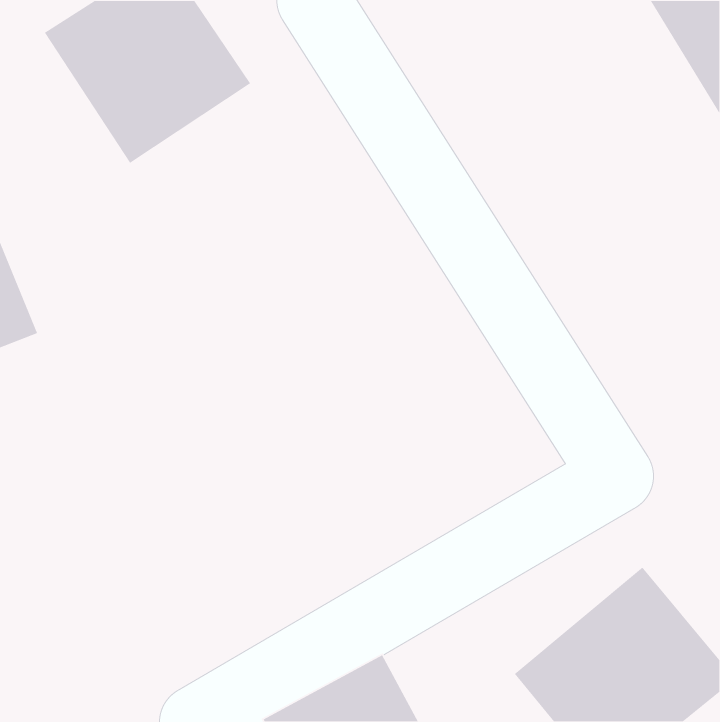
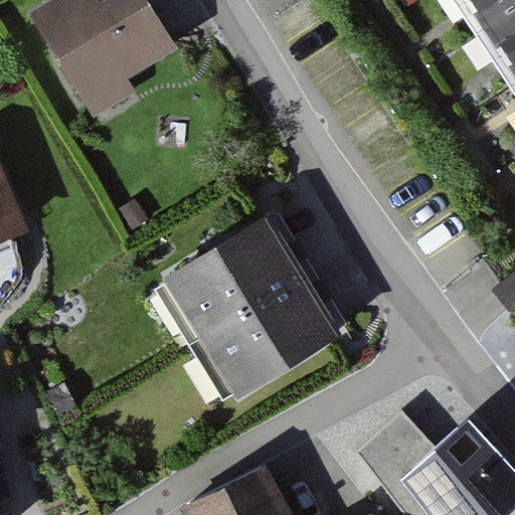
building: none -> [166,221,341,396]

